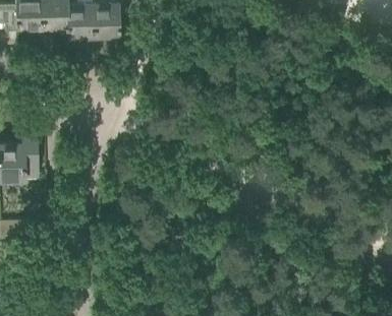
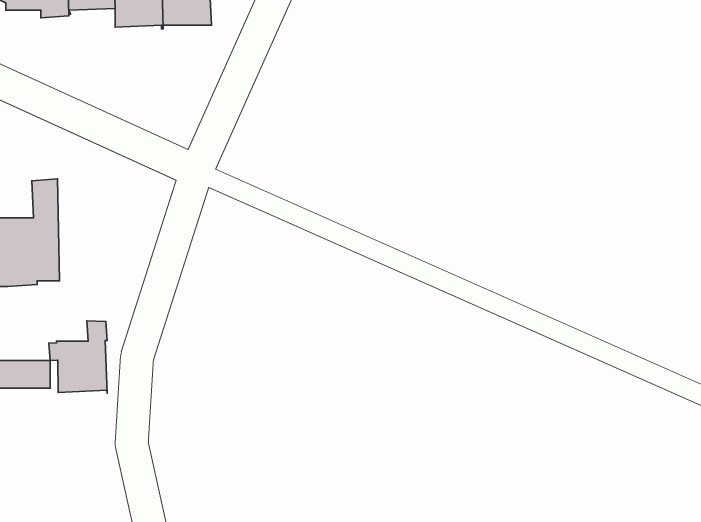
building: none -> [49,321,107,393]

